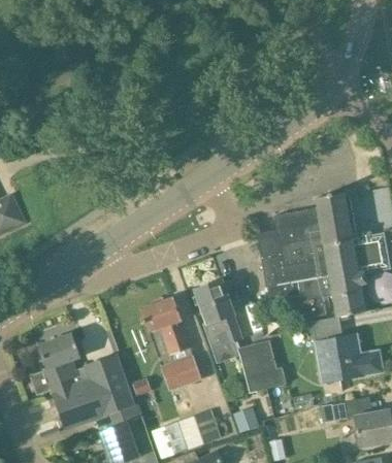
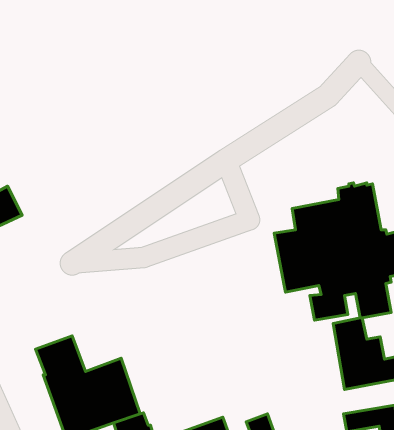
building: [195,280,241,351] -> none
building: [139,297,200,389] -> none
building: [237,339,286,392] -> none

